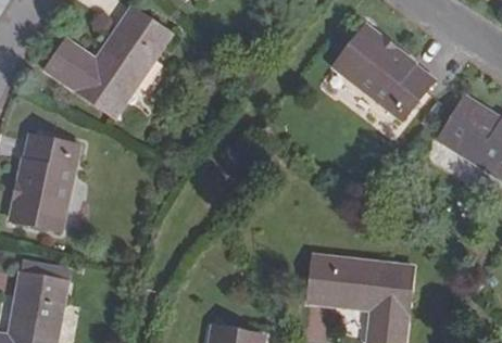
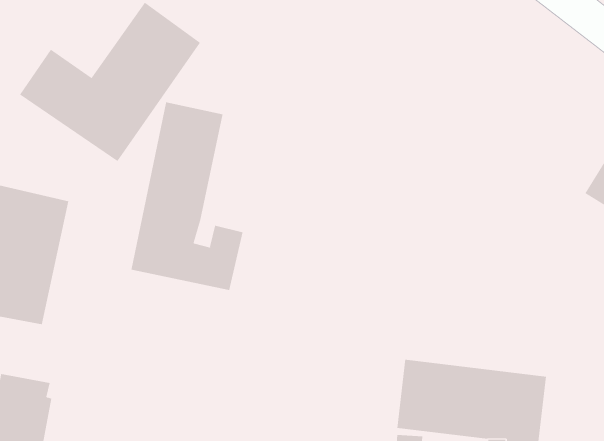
building: [332,25,435,119] -> none
building: none -> [131,101,243,291]

